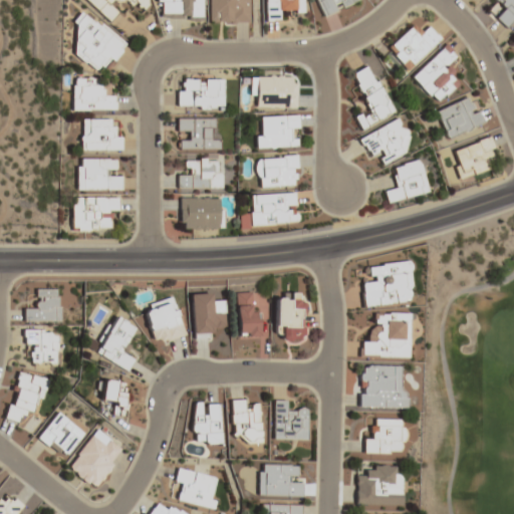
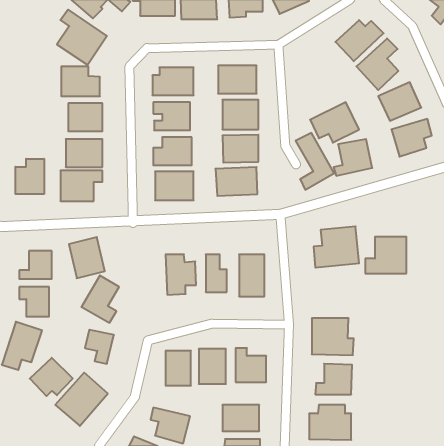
building: [352,64,397,130] -> [296,133,334,190]
building: none -> [15,159,44,194]
building: [146,296,187,343] -> [69,237,105,278]
building: [363,314,411,356] -> [365,237,406,273]

